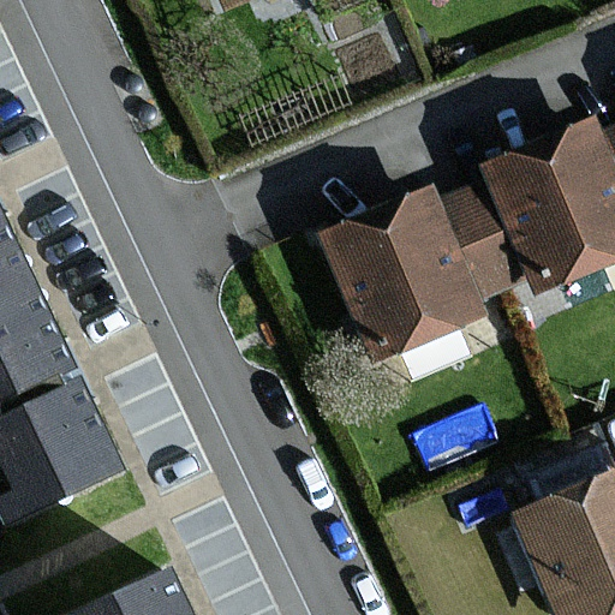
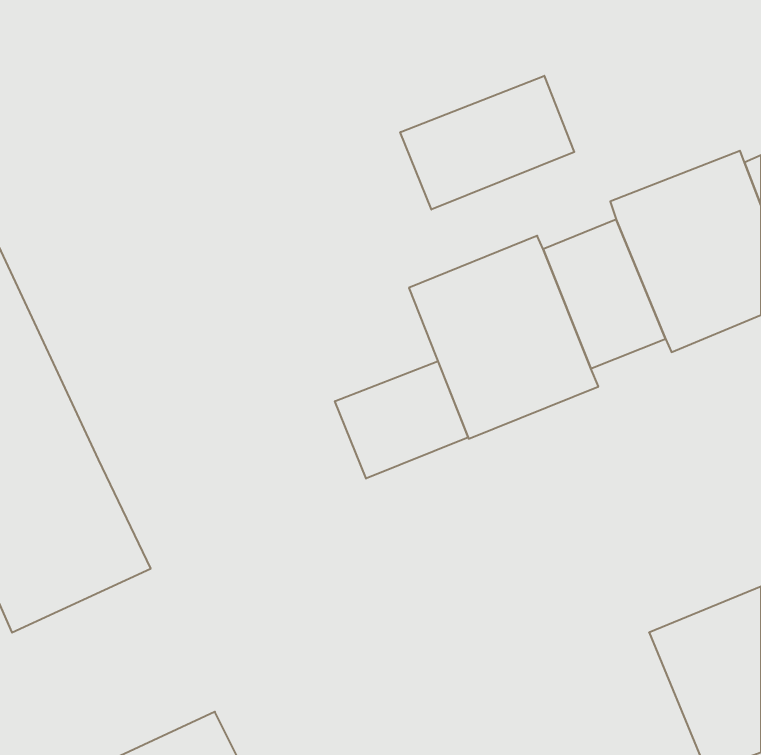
building: none -> [400,76,574,210]
building: none -> [335,361,468,479]

